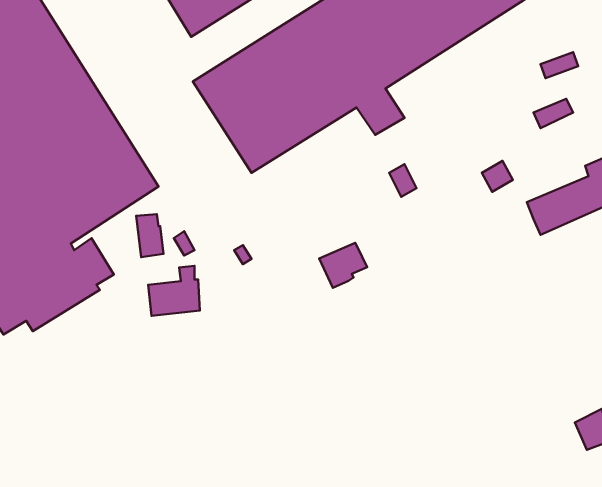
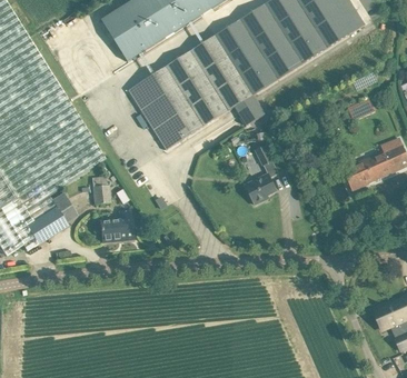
building: [319,243,367,288] -> [245,175,276,203]

